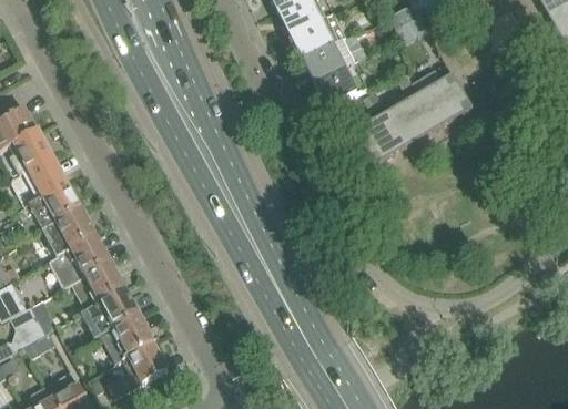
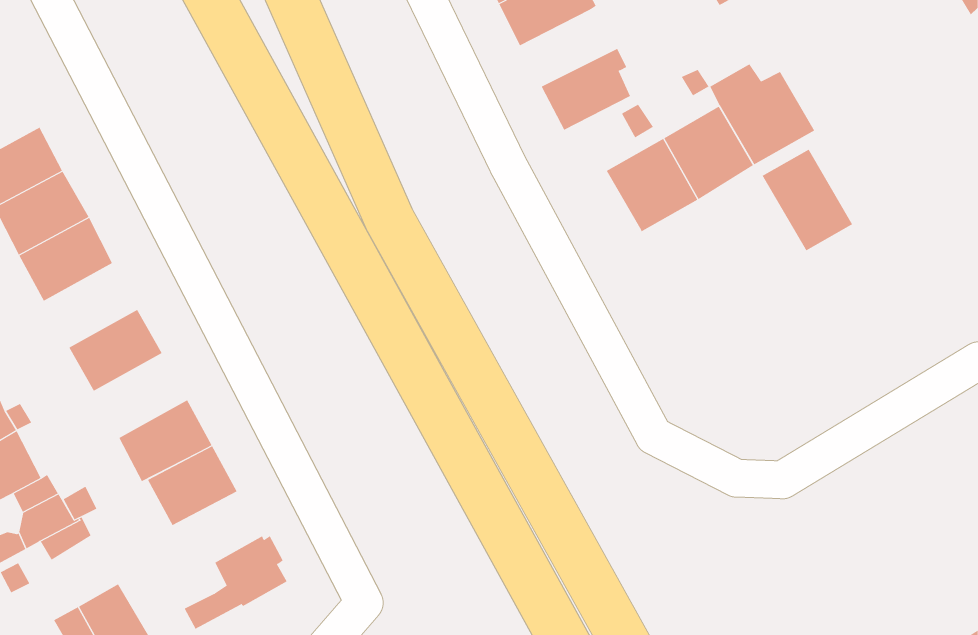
building: [302,35,358,80] -> none
building: none -> [762,149,853,251]
building: [16,182,81,231] -> none
building: [48,234,110,286] -> none
building: [101,314,153,360] -> none

